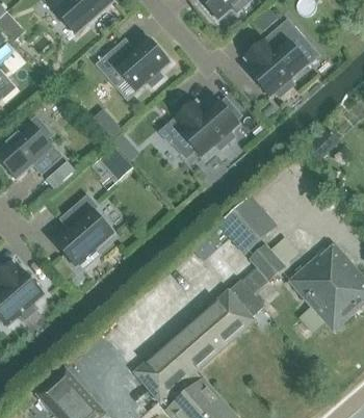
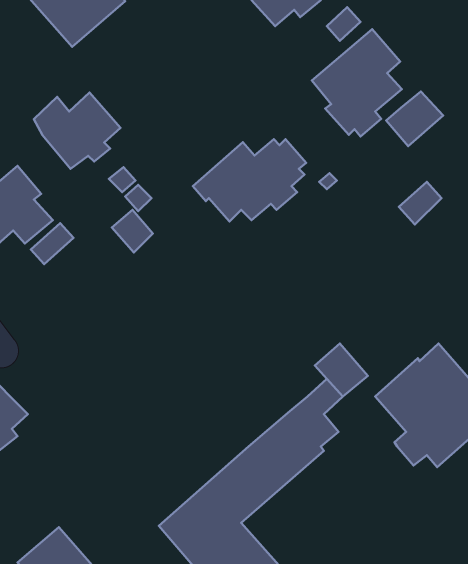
building: [108,36,170,90] -> [34,93,121,169]
building: none -> [386,91,443,146]
building: [54,195,113,267] -> none
building: [218,197,277,254] -> none

